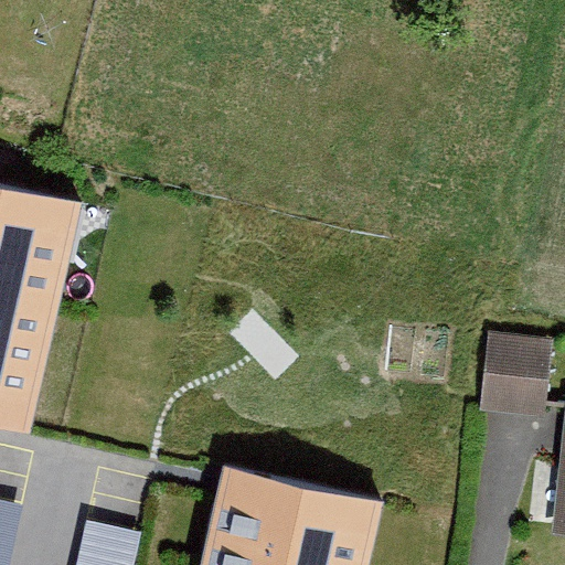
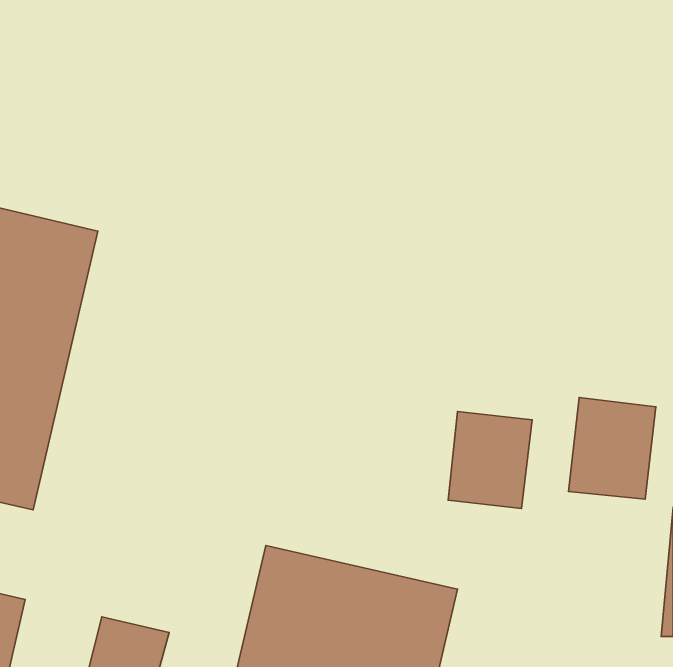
building: none -> [448,412,532,508]

